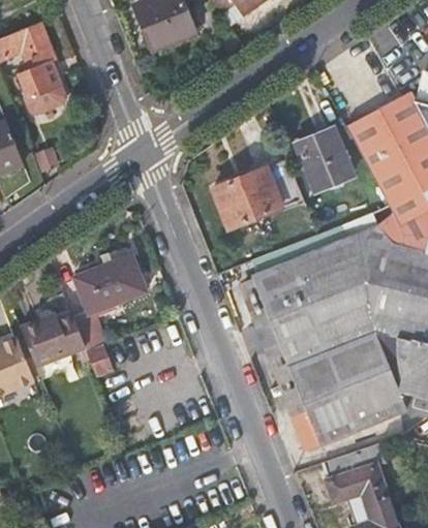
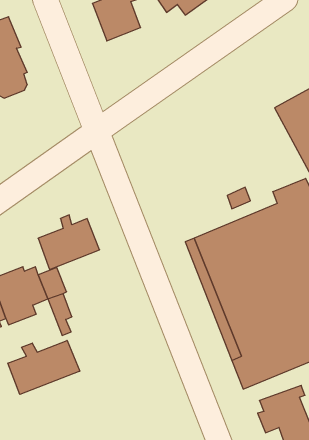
building: [298,129,356,191] -> none
building: [214,167,284,229] -> none
building: none -> [8,340,80,394]

